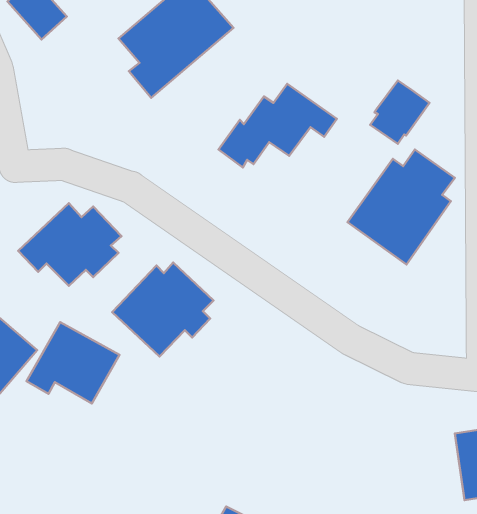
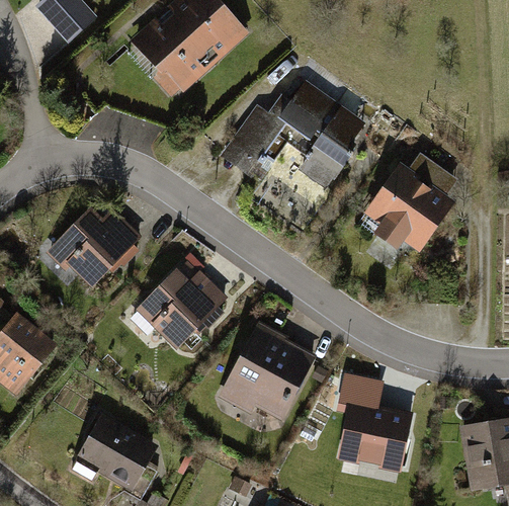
building: [370,80,429,144] -> [296,130,353,190]
building: [27,322,119,403] -> [72,408,161,486]
building: none -> [216,319,320,419]
building: none -> [334,380,407,472]

